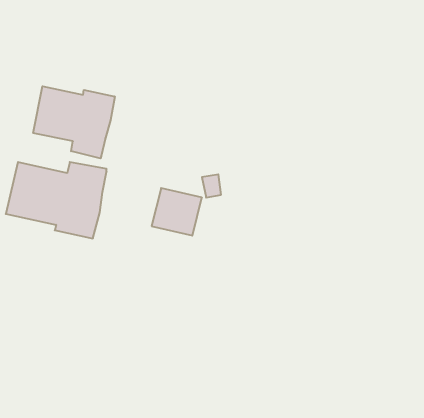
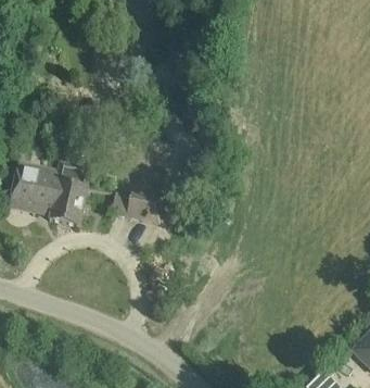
building: [33,86,115,158] -> none

